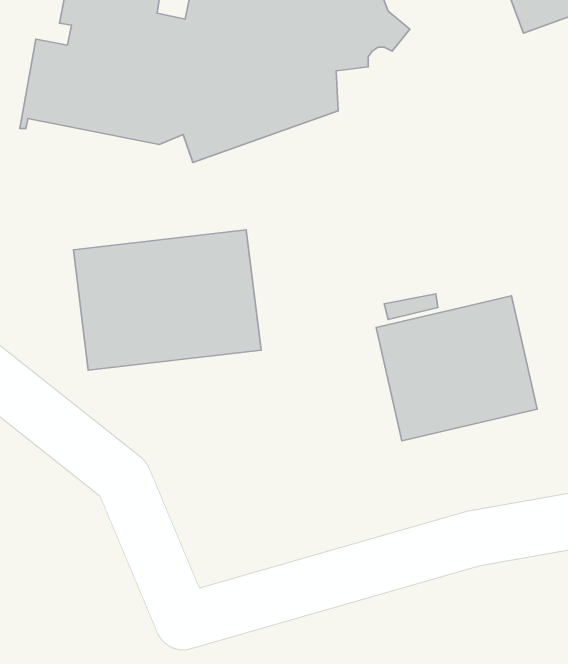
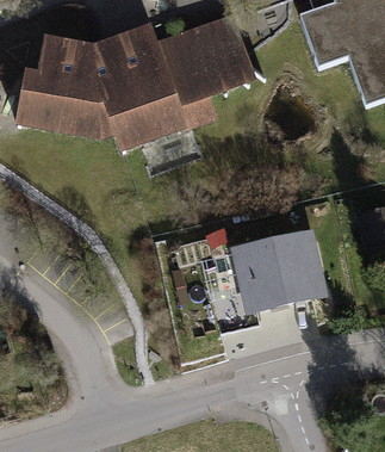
building: [73,230,261,370] -> none

